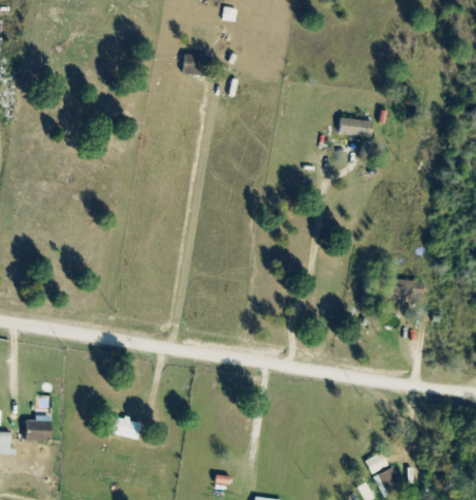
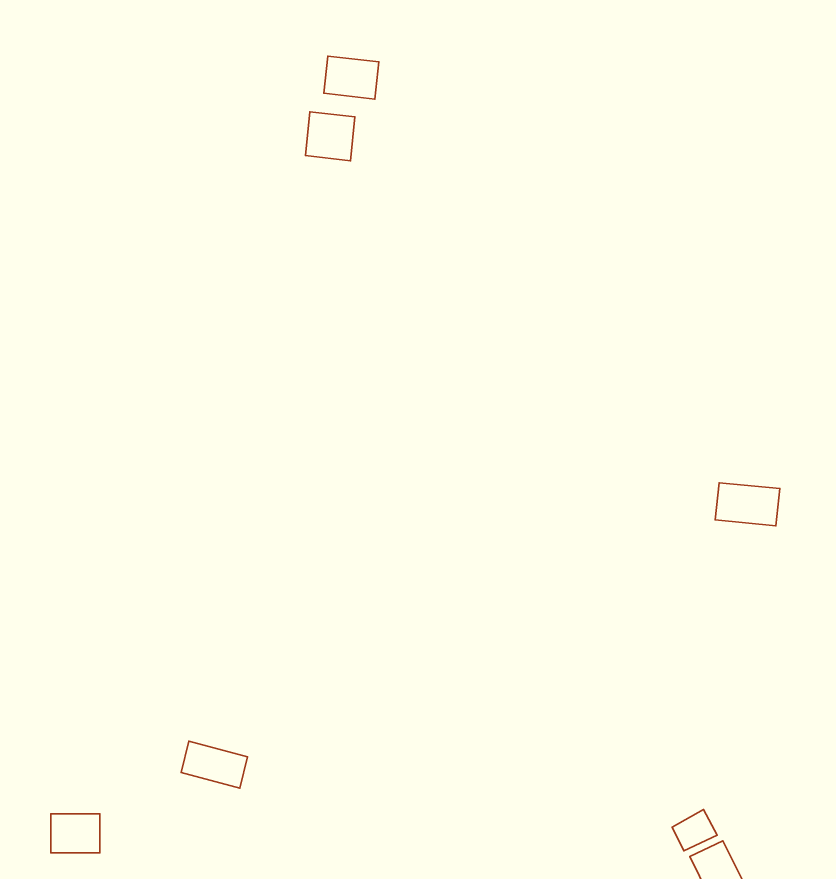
building: none -> [306,112,355,161]
building: [340,117,373,136] -> none
building: [26,419,52,440] -> [51,814,100,853]

